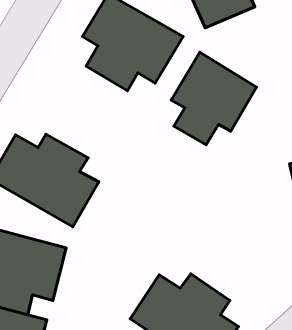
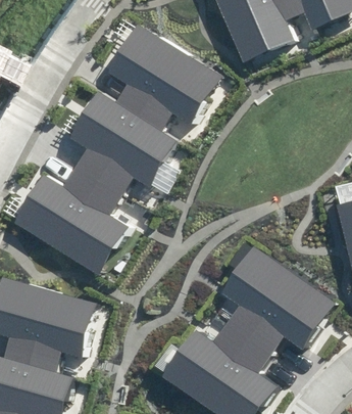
building: [171,52,257,145] -> none
building: none -> [70,92,178,200]
building: none -> [214,246,330,353]

